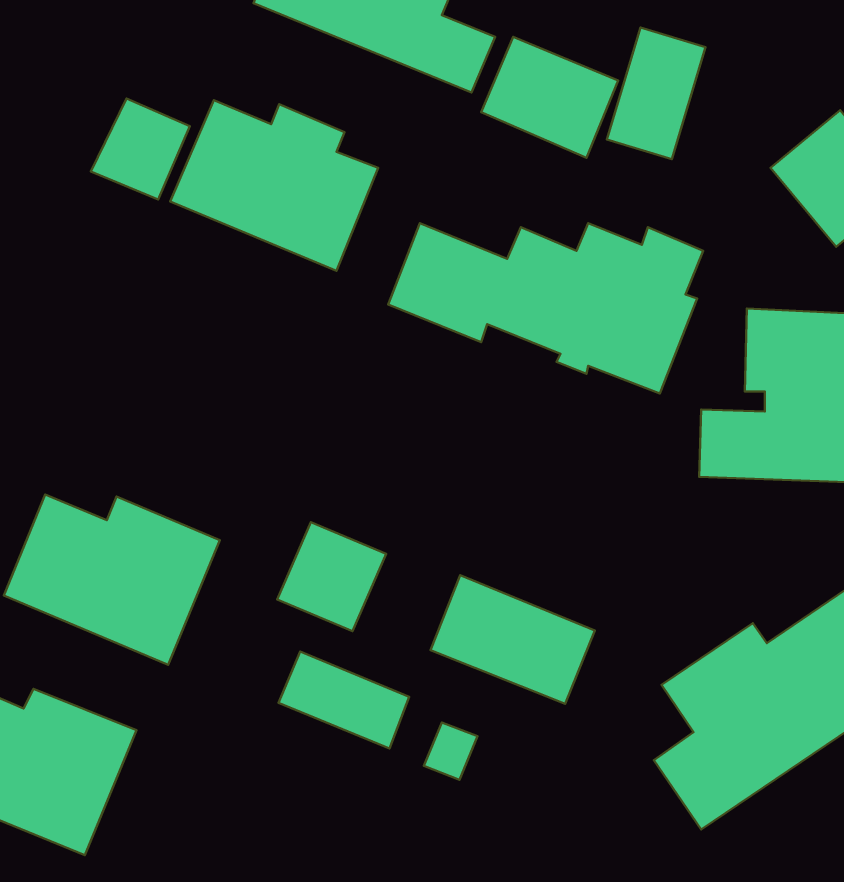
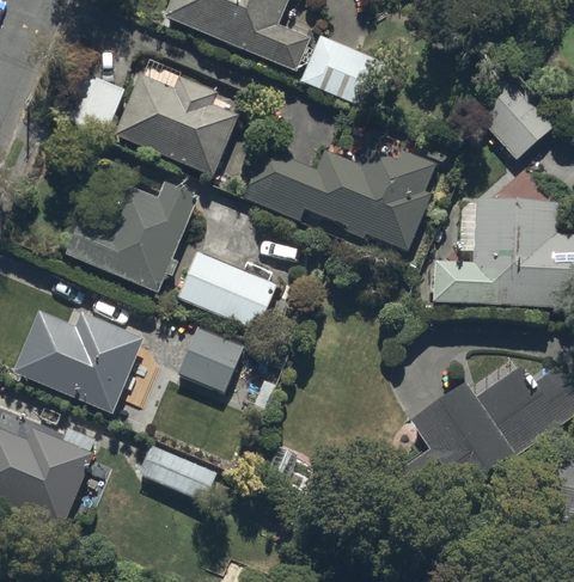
building: [607,27,706,159] -> none
building: none -> [65,183,197,293]
building: [430,575,595,704] -> [178,250,277,327]
building: [279,651,409,748] -> [138,443,216,502]

